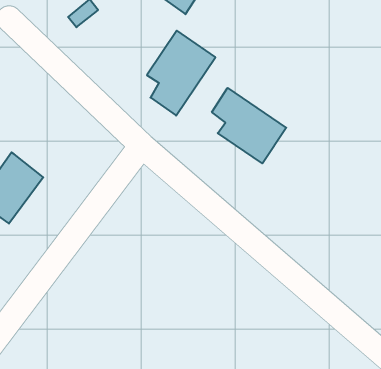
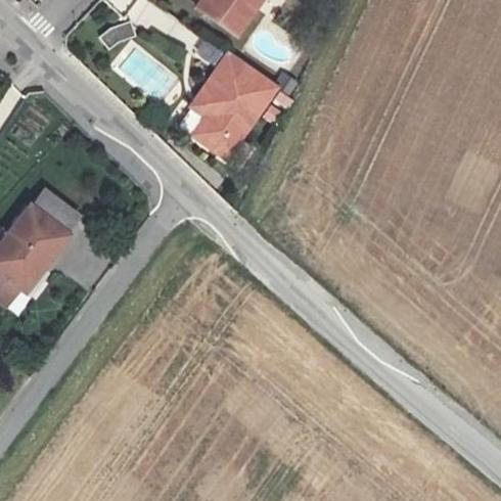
building: [212,88,286,163] -> none
building: none -> [34,188,79,231]

